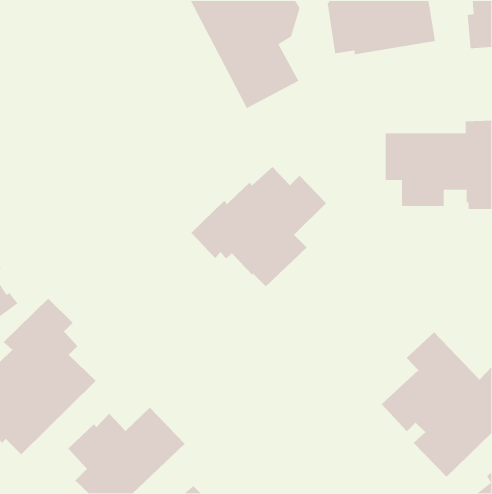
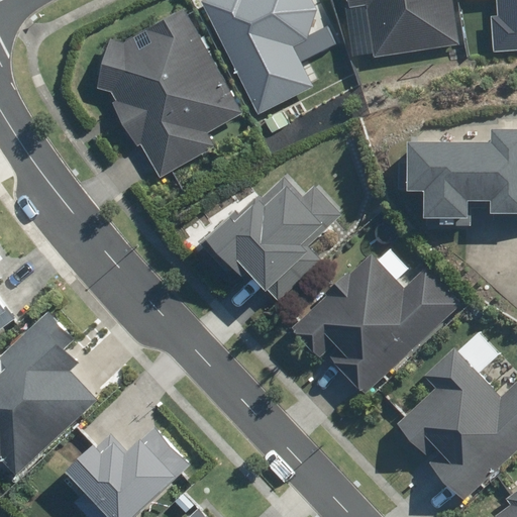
building: none -> [94,7,243,178]
building: none -> [291,252,459,393]

